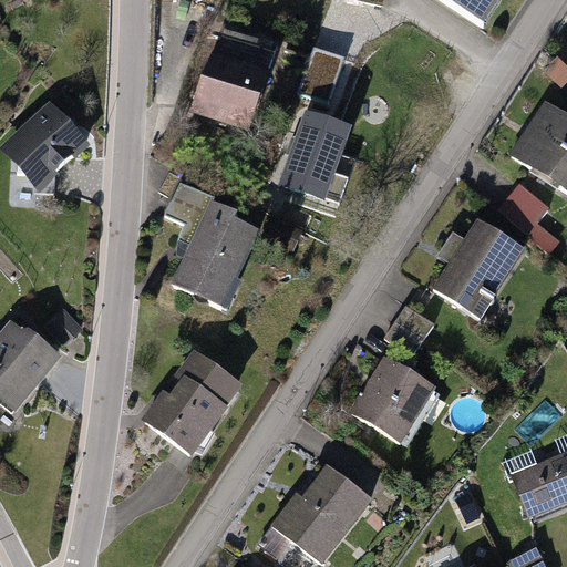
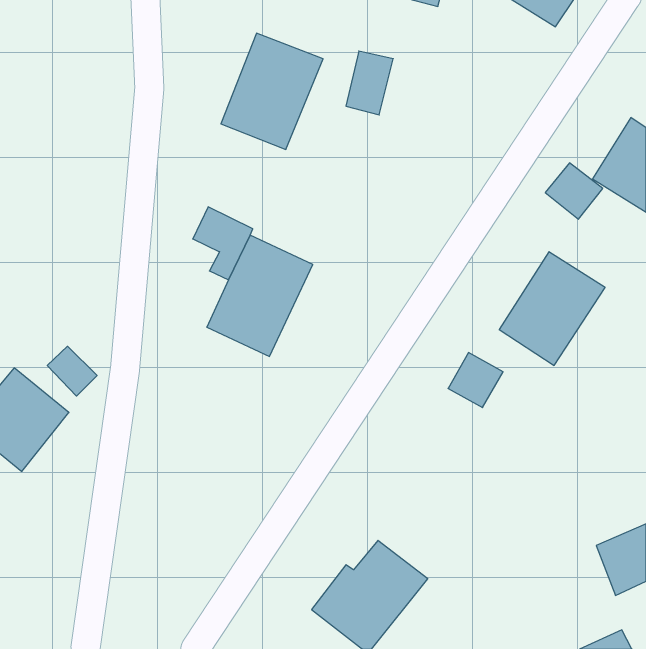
building: [276,103,350,199] -> none
building: [6,104,85,183] -> none
building: [497,183,547,231] -> [545,163,603,219]
building: [141,351,238,451] -> none
building: [353,359,435,441] -> none

